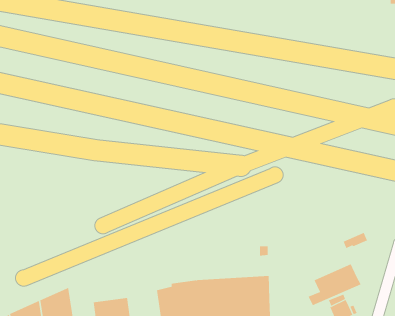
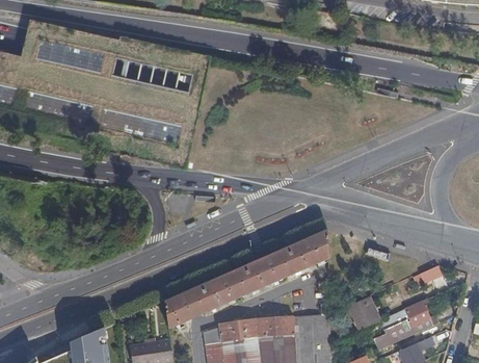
building: none -> [164,230,327,328]
building: none -> [348,295,380,329]

